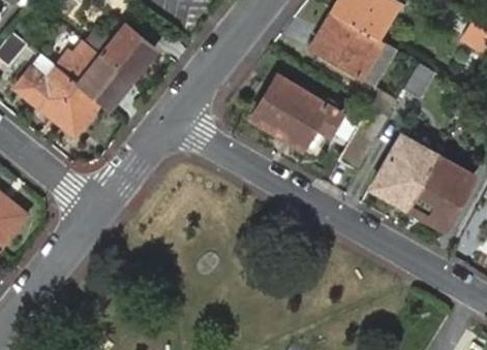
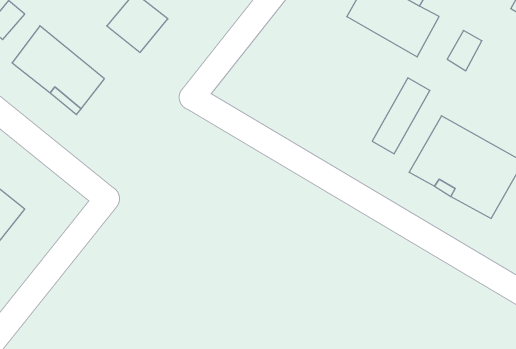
building: [62,43,130,108] -> none
building: [254,74,344,156] -> none

